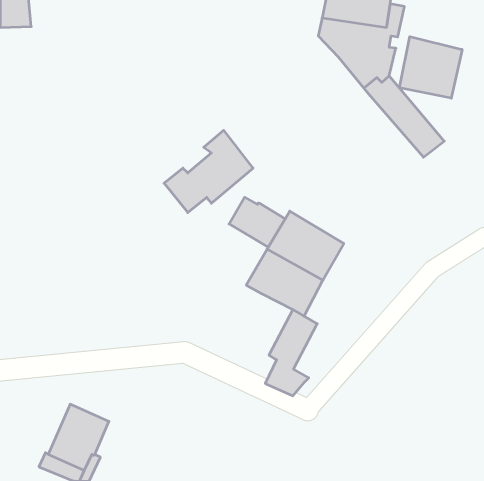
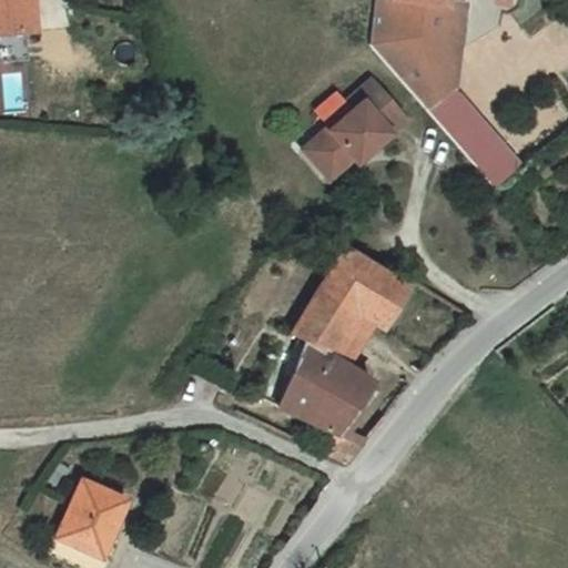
building: [399,37,462,98] -> none
building: [164,130,253,213] -> [303,82,407,179]
building: [229,197,285,247] -> none
building: none -> [280,344,343,416]

